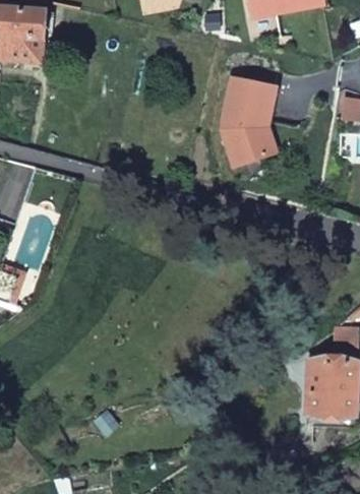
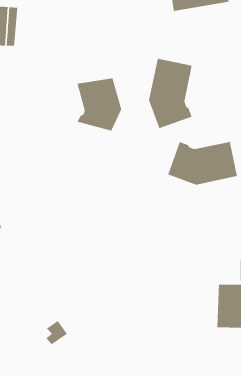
building: none -> [77,78,122,131]
building: none -> [167,141,237,185]

